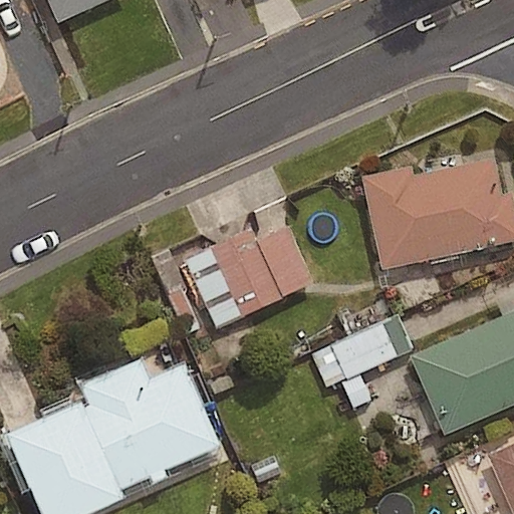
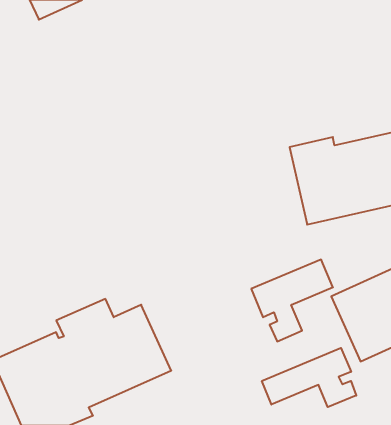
building: [186,226,315,325] -> none
building: none -> [262,348,356,407]

